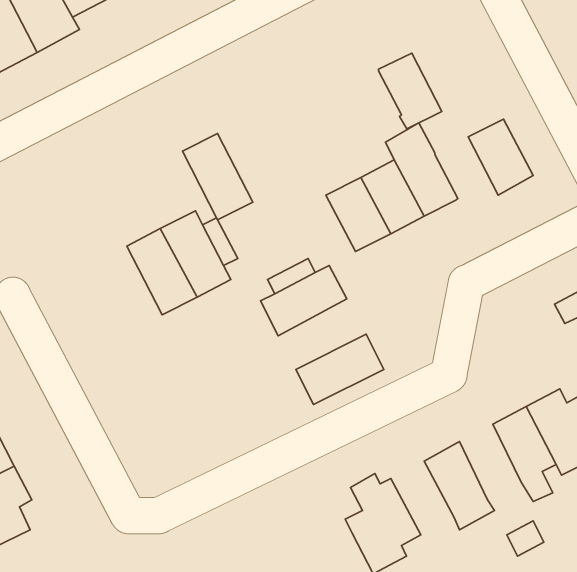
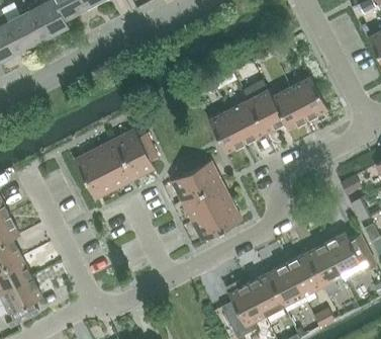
building: [379,53,442,129] -> [272,87,308,131]
building: [182,133,253,220] -> [75,150,115,199]
building: none -> [182,180,232,221]
building: none -> [286,252,321,295]
building: none -> [247,273,283,316]

